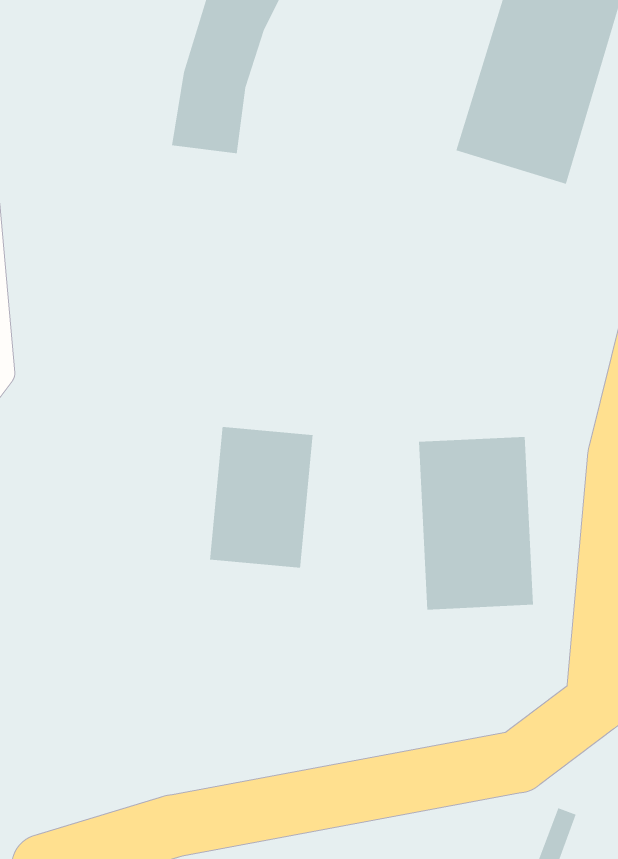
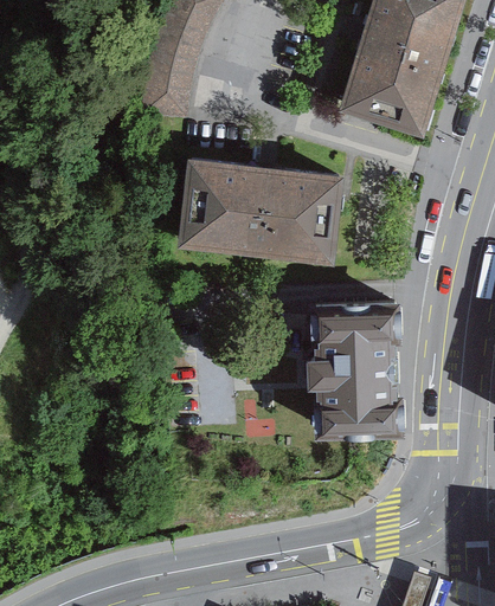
building: none -> [185,165,342,258]
building: [209,426,313,568] -> none

